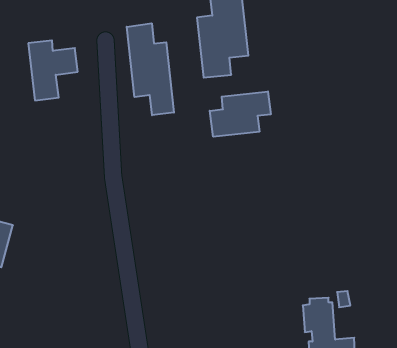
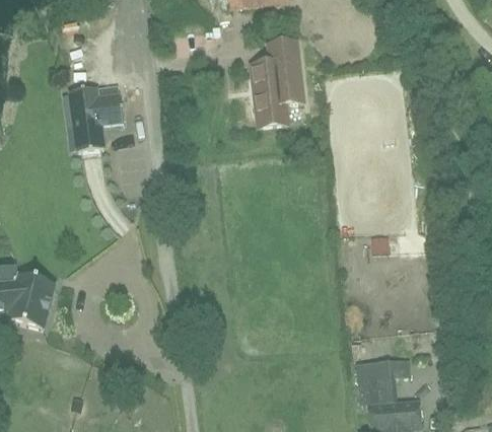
building: [127,23,174,115] -> none
building: [210,91,271,137] -> none

